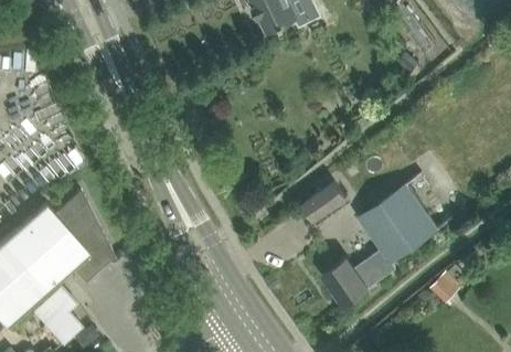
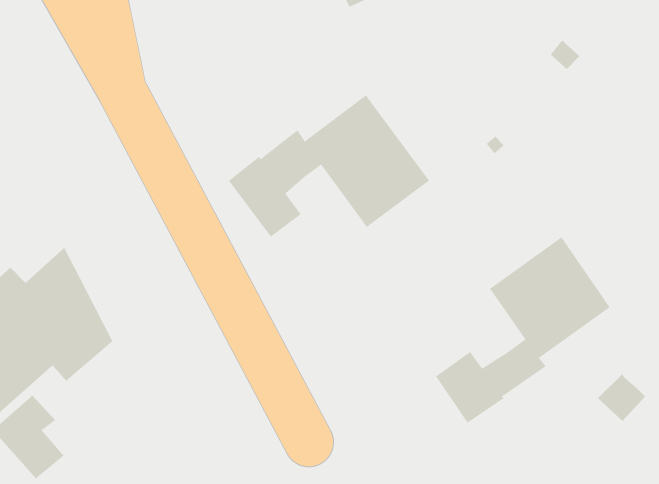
building: none -> [228,95,430,238]
building: [302,183,349,227] -> none

